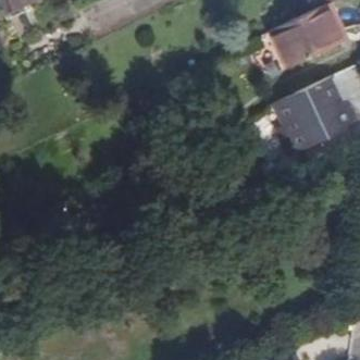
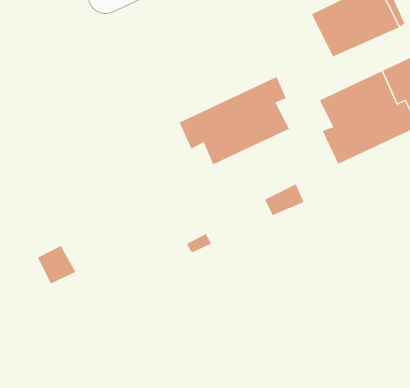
building: none -> [179,76,290,165]

